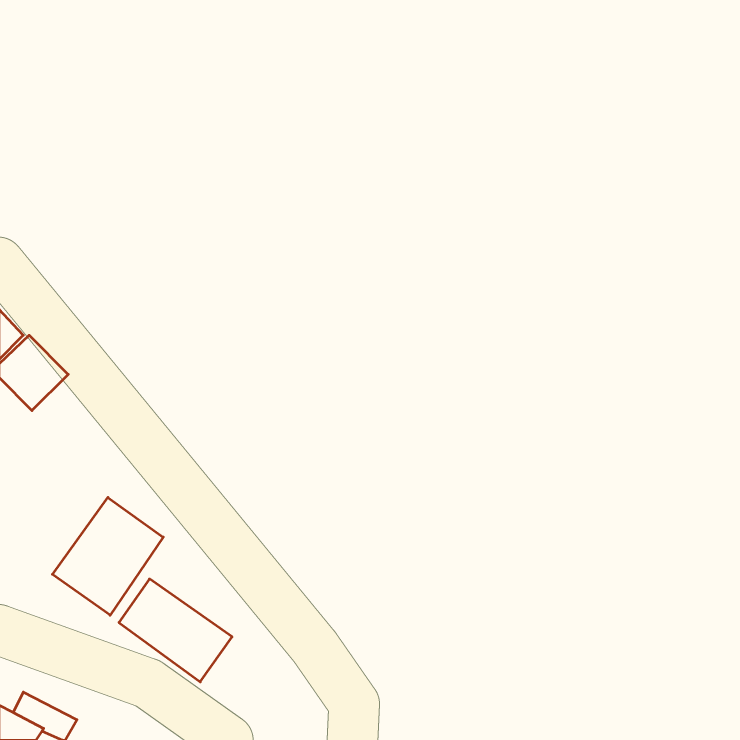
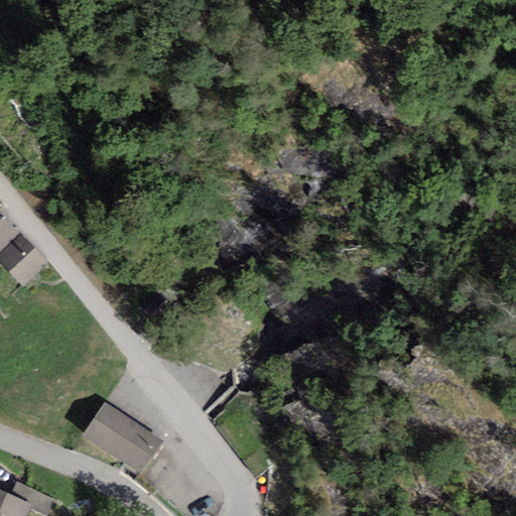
building: [52,497,163,615] -> none

